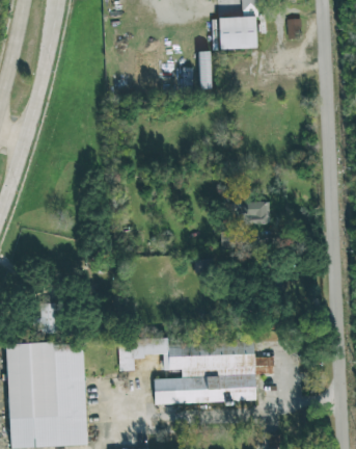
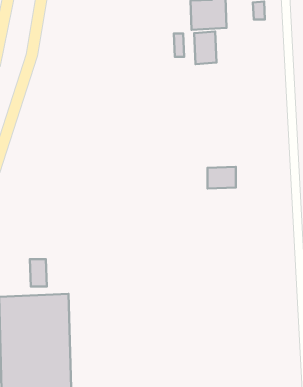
building: none -> [194,32,216,64]
building: [117,338,273,404] -> none

